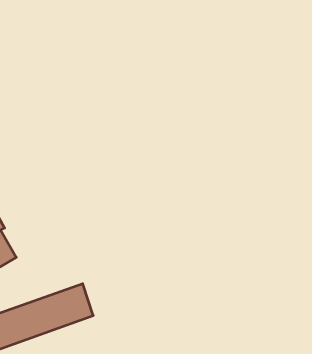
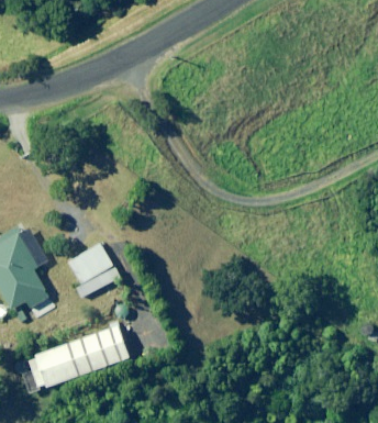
building: none -> [69,243,121,298]

